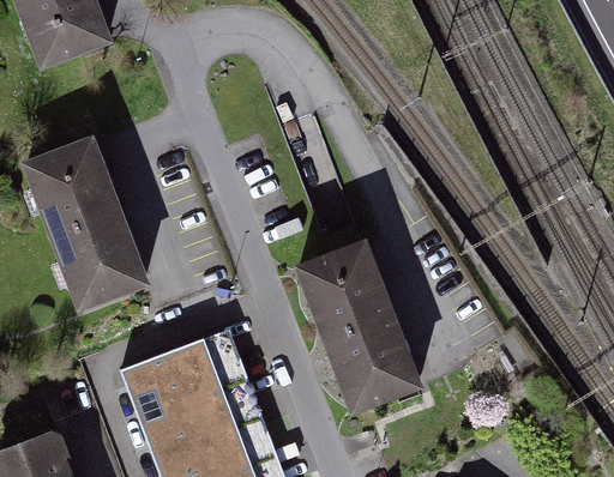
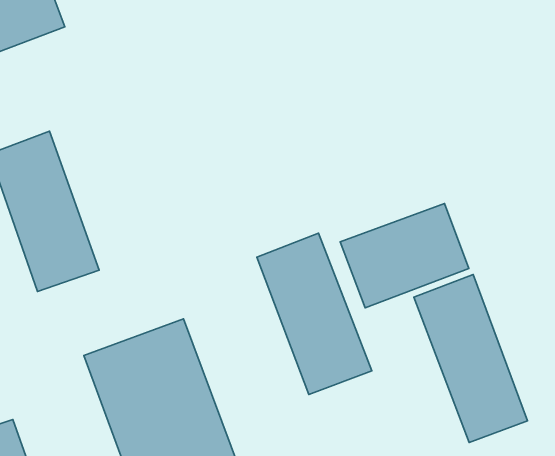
building: none -> [340,203,469,308]
building: none -> [414,275,527,443]

